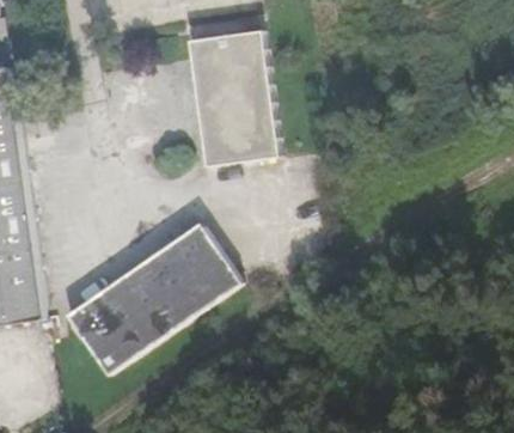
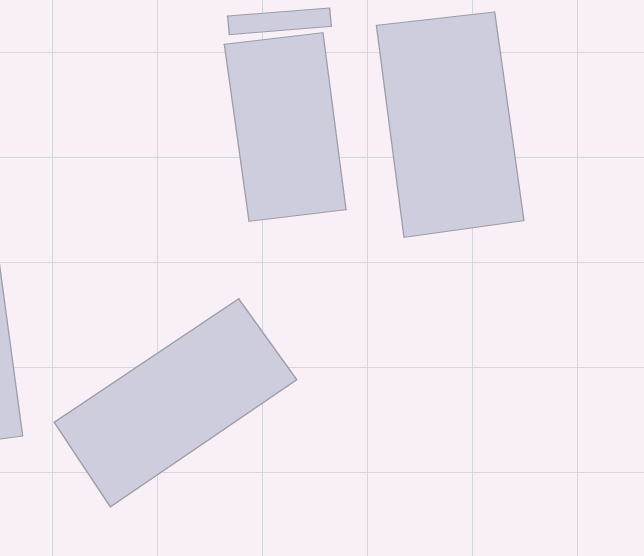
building: none -> [377,12,524,237]

